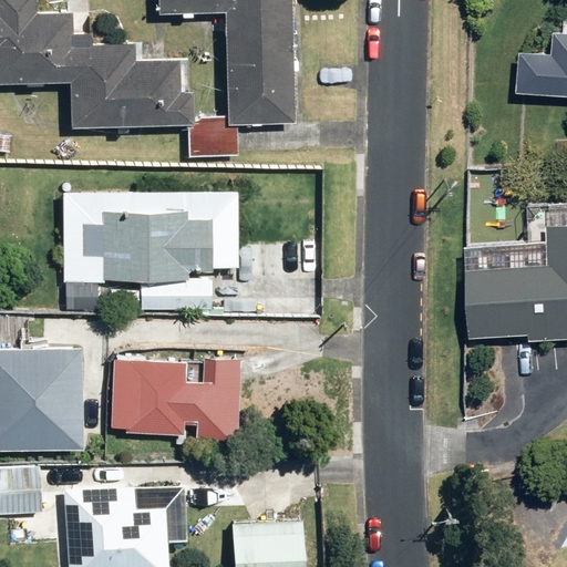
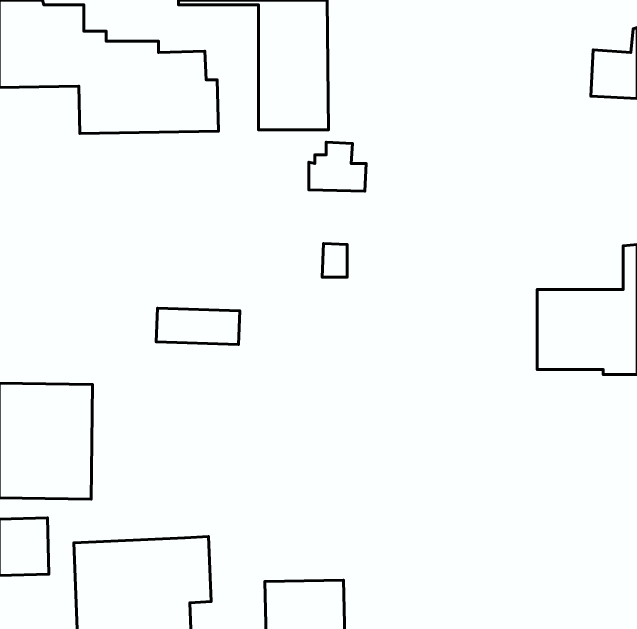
building: [188,117,239,161] -> [309,142,366,191]
building: [63,190,238,287] -> none
building: [111,358,243,443] -> none

